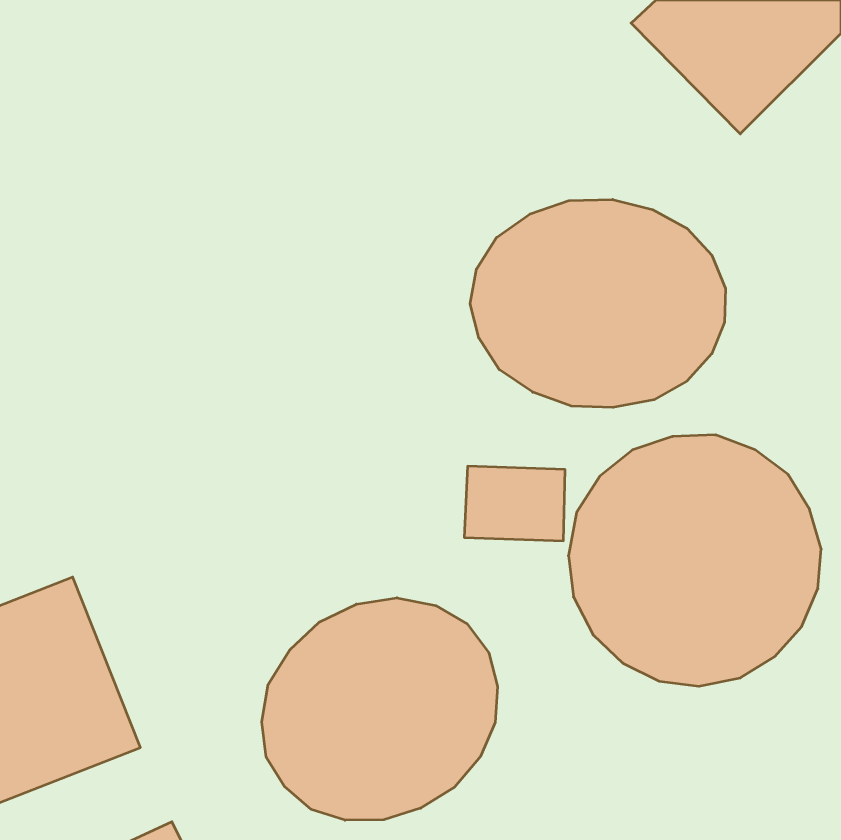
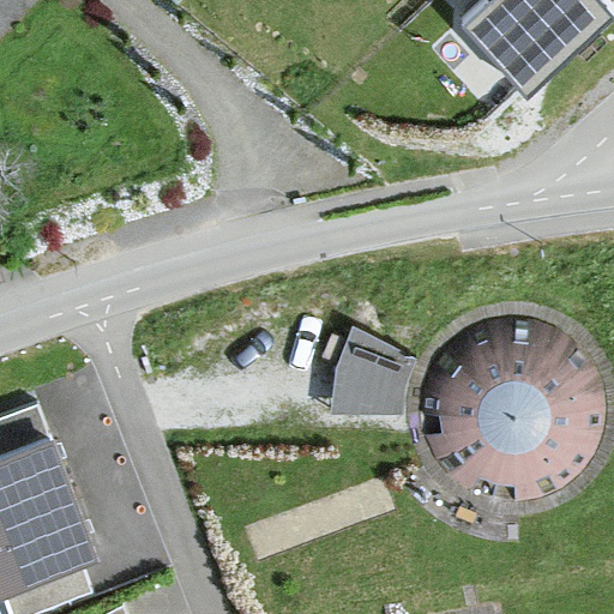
building: [470,199,726,407] -> none
building: [262,598,498,820] -> none

